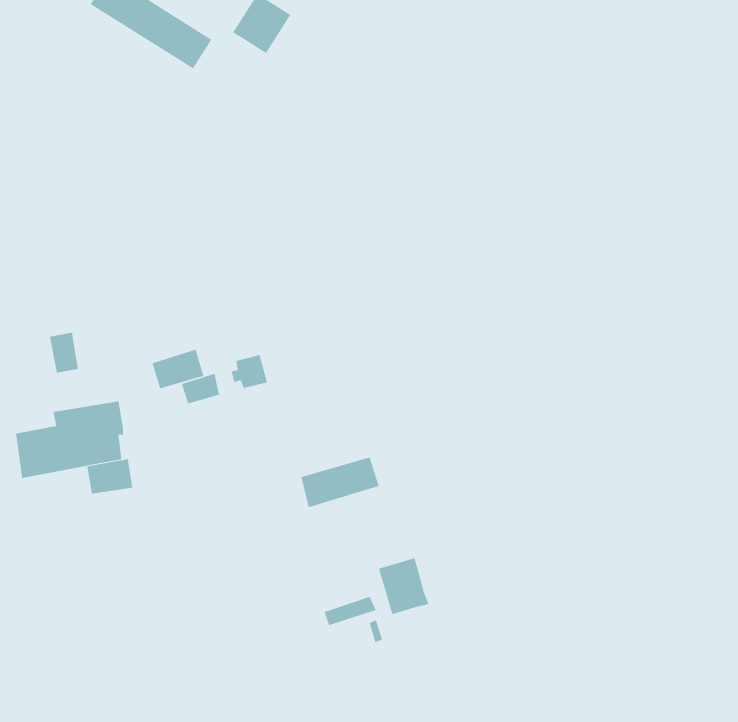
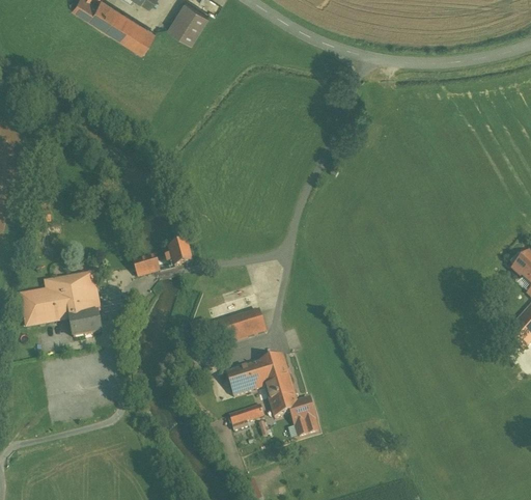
building: [49,332,78,373] -> none
building: [152,349,204,389] -> none
building: none -> [226,353,290,394]
building: none -> [291,396,317,434]

